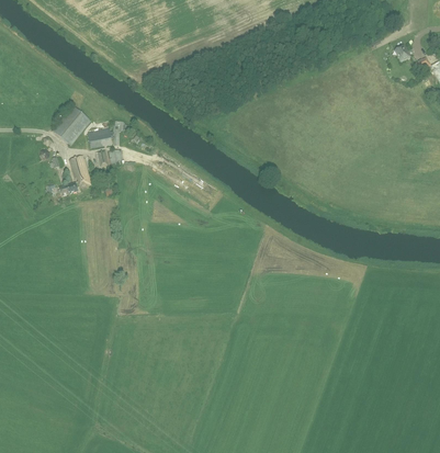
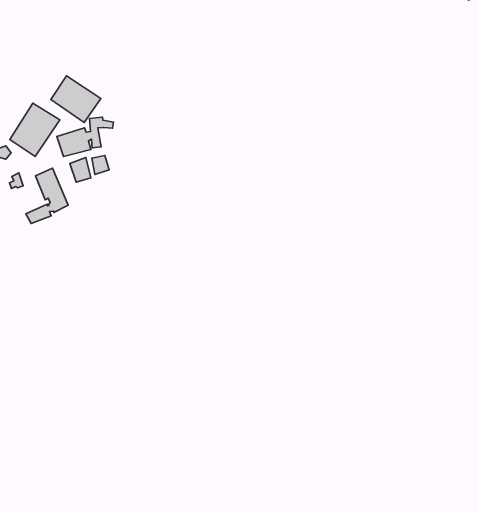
building: none -> [51,76,101,122]

